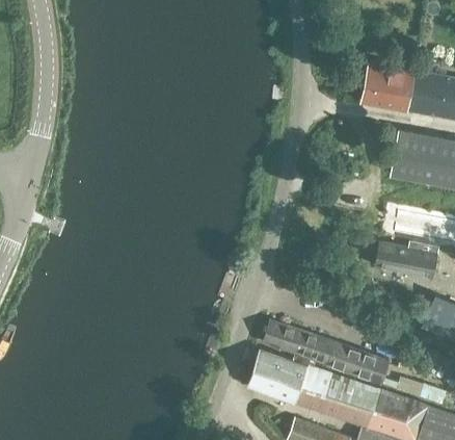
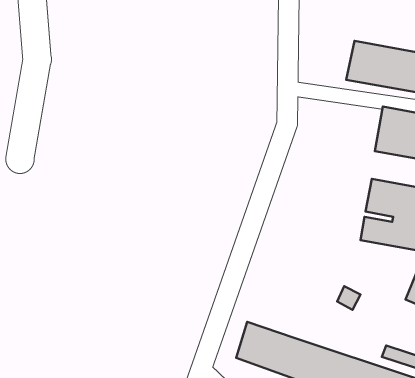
building: [263,322,390,385] -> none

